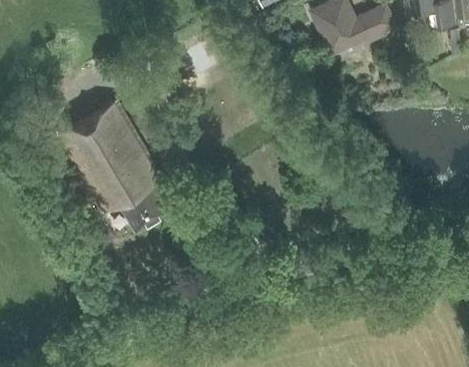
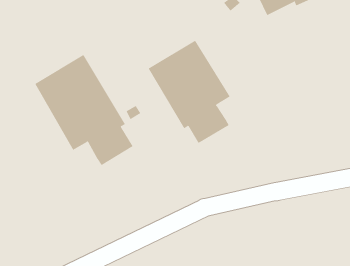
building: none -> [148,40,231,144]

